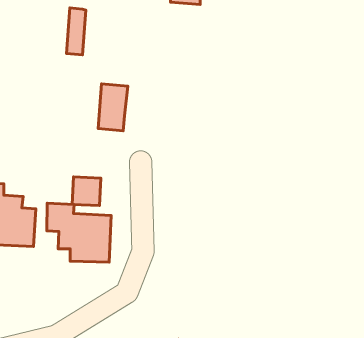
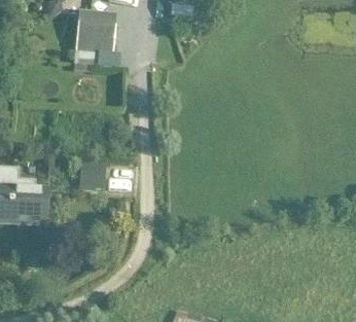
building: [98,84,128,131] -> [91,11,117,53]
building: [47,203,111,262] -> none

